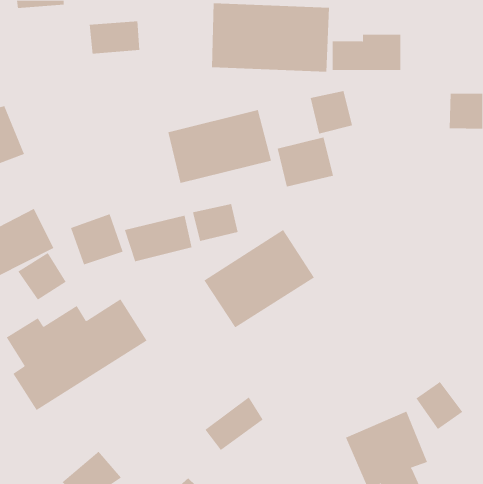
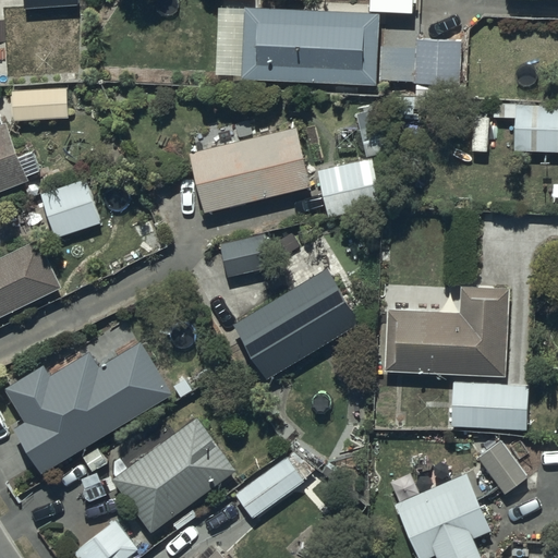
building: [89,21,140,54] -> [10,85,69,123]
building: [70,214,123,265] -> [38,179,99,238]
building: [124,215,192,262] -> none
building: none -> [386,287,508,376]
building: [18,252,67,301] -> none
building: none -> [450,381,526,428]
building: none -> [114,418,234,531]

